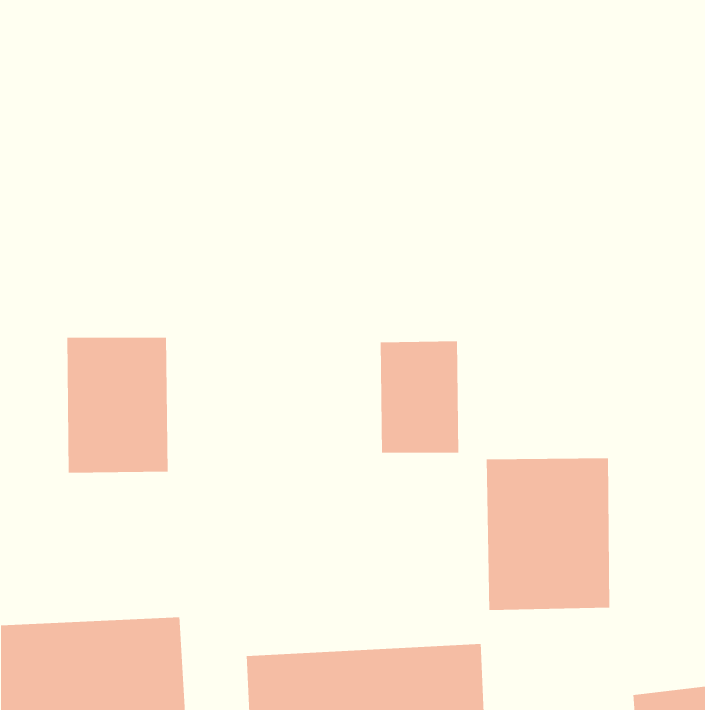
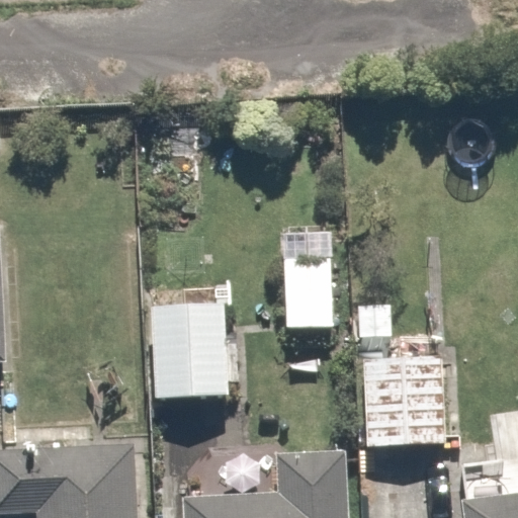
building: [66,337,168,473] -> [151,295,225,395]

